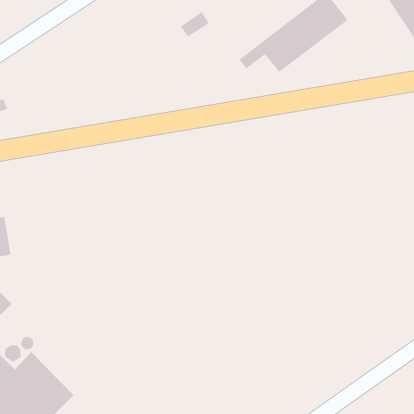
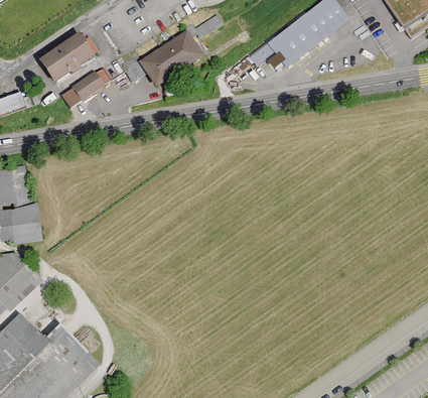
building: none -> [140,30,203,87]
building: none -> [38,32,100,84]
building: none -> [62,57,126,108]

